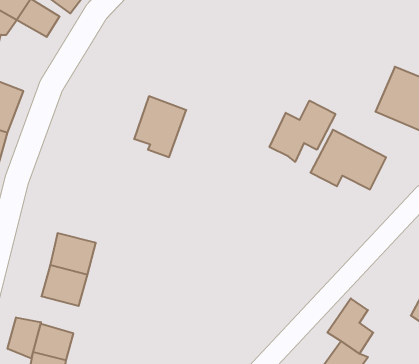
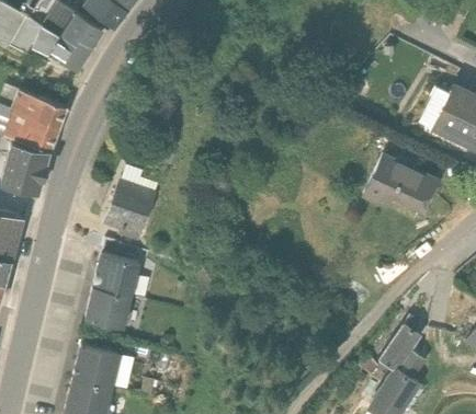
building: none -> [50,35,90,69]
building: [134,96,186,157] -> [103,179,157,241]
building: [270,101,335,162] -> none
building: [8,317,41,358] -> none

